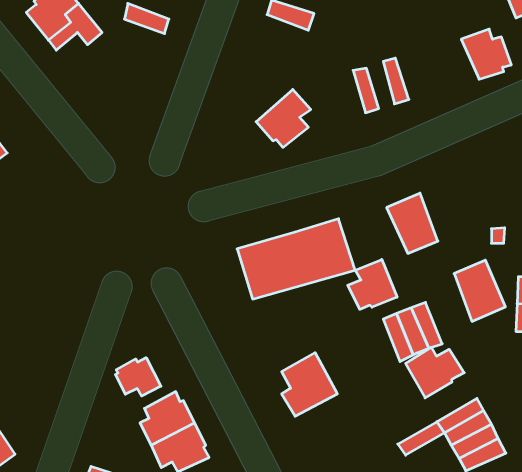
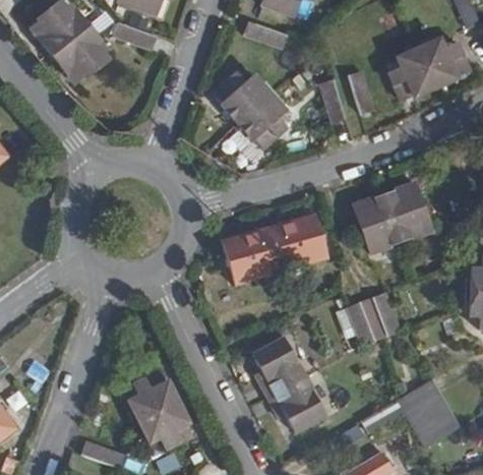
building: none -> [52,45,101,81]
building: none -> [396,51,437,95]
building: none -> [215,77,267,126]
building: [348,259,397,309] -> none
building: [454,260,505,321] -> [383,179,430,235]
building: [406,347,464,398] -> none
building: [115,358,161,396] -> none
building: none -> [269,374,329,430]

